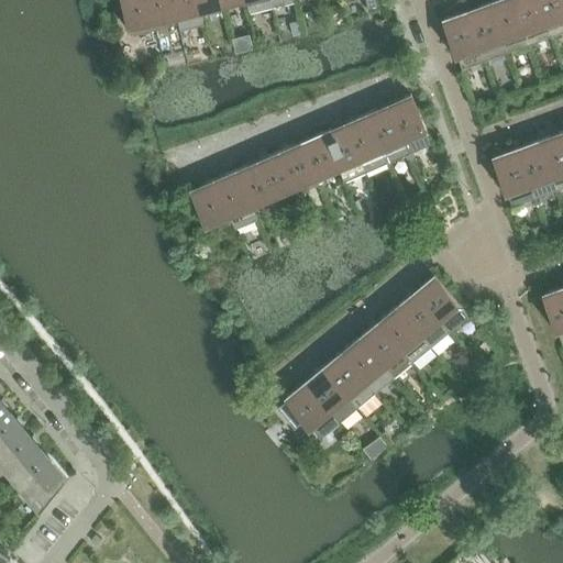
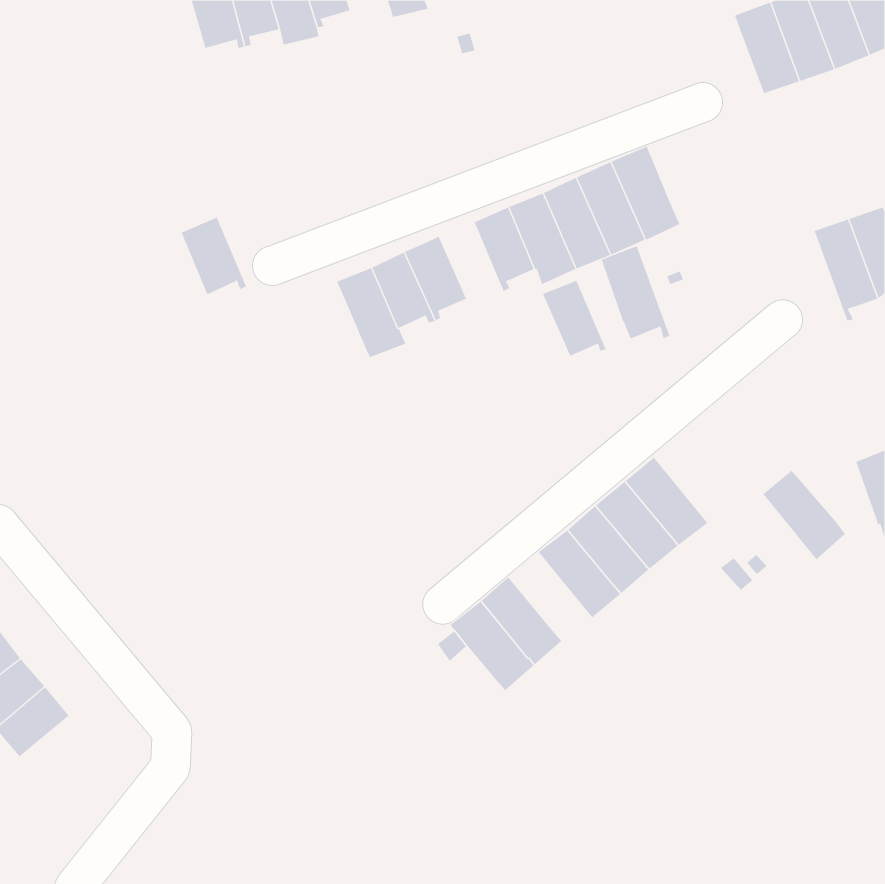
building: [442,12,484,70] -> none
building: [278,143,319,191] -> [542,280,606,356]
building: [493,148,537,208] -> [601,245,670,339]
building: [190,180,232,230] -> [181,217,247,295]
building: [415,276,467,333] -> [762,470,846,560]
building: [322,352,375,408] -> none
building: [12,455,65,512] -> none

